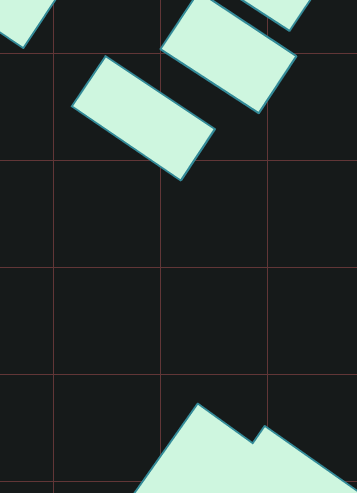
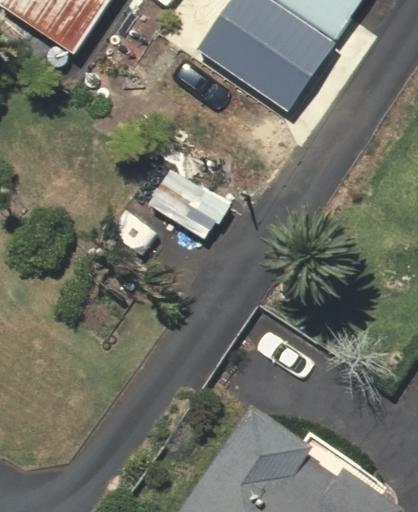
building: [72,56,215,180] -> none

